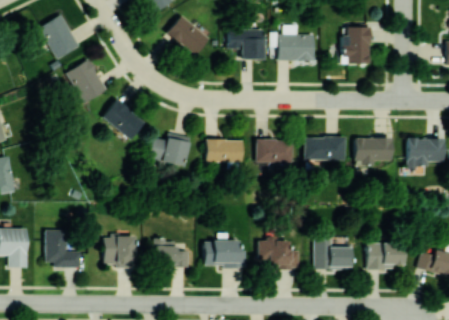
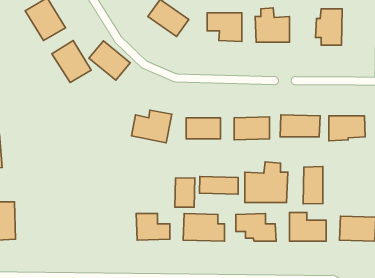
building: [102,99,145,140] -> [89,41,130,80]
building: none -> [245,162,288,202]
building: none -> [303,167,323,204]
building: none -> [200,176,238,194]
building: none -> [175,178,195,207]
building: [45,230,81,268] -> none
building: [103,236,135,267] -> none

